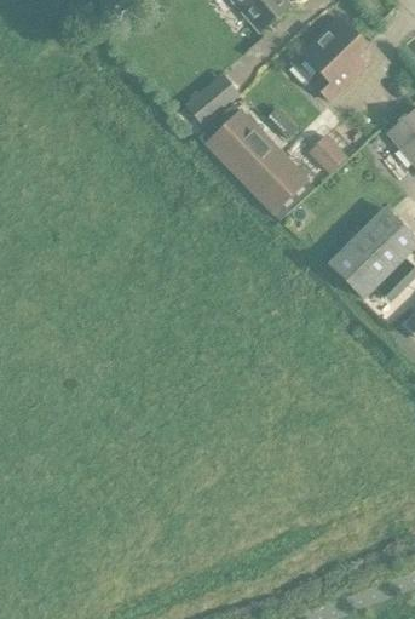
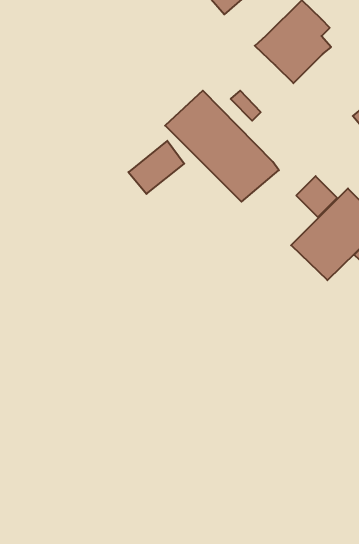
building: [184,73,240,126] -> [128,141,184,194]
building: [307,133,348,174] -> [296,176,337,217]

